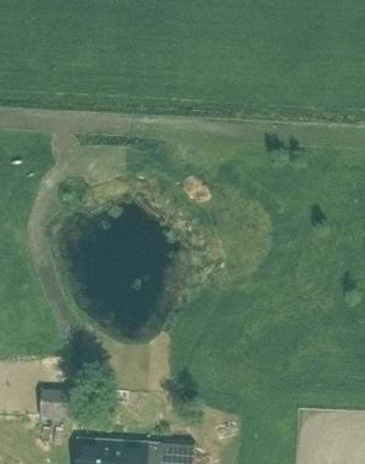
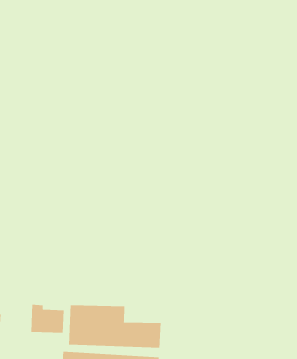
building: none -> [68,304,161,348]

